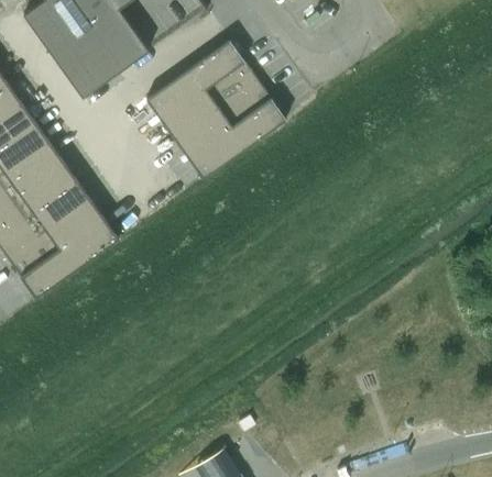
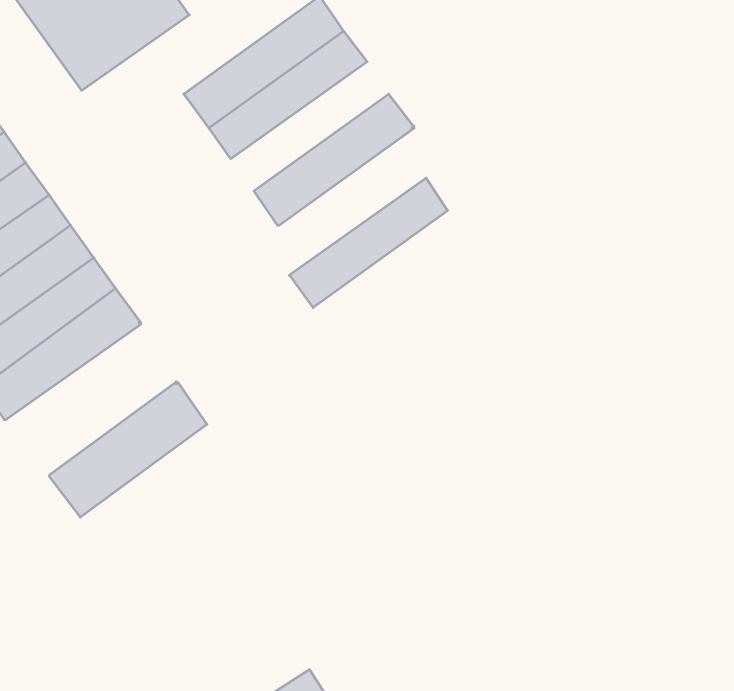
building: [174,80,271,159] -> [289,178,448,308]
building: none -> [49,382,207,517]

